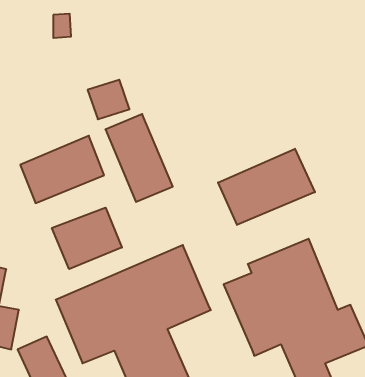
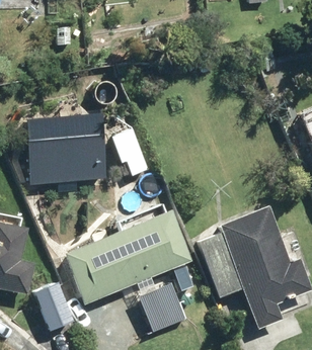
building: [218,149,315,225] -> none
building: [52,208,122,269] -> none

